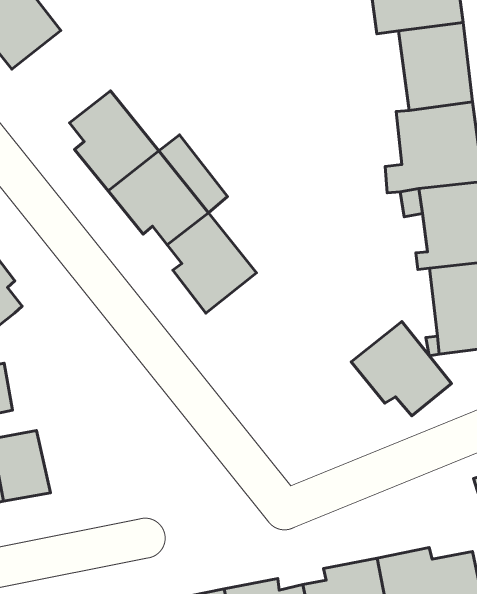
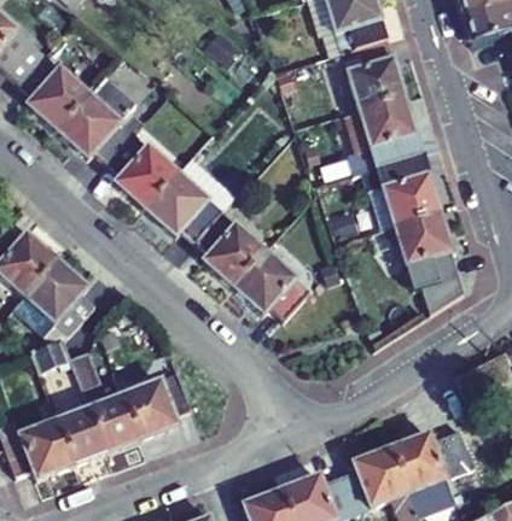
building: none -> [58,76,142,162]
building: [351,322,451,416] -> [233,250,310,318]
building: none -> [122,373,191,439]

